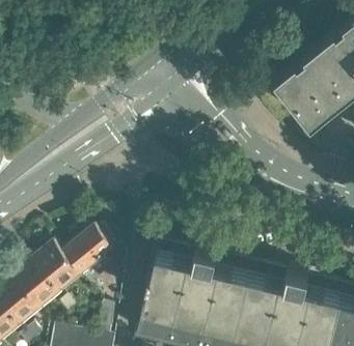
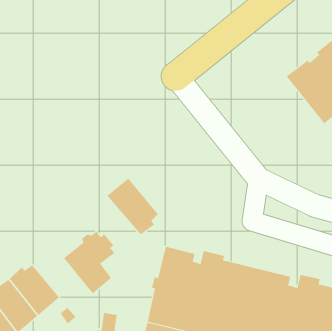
building: none -> [106,178,158,235]
building: [31,248,78,297] -> none

